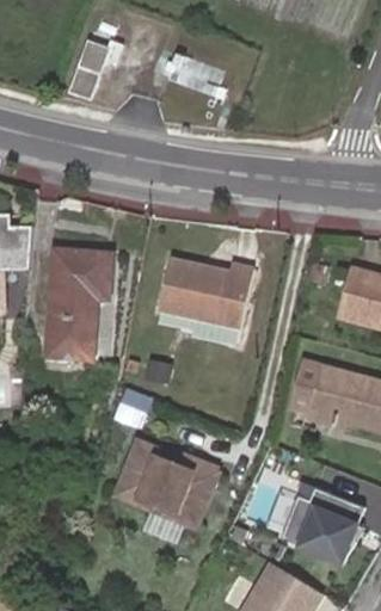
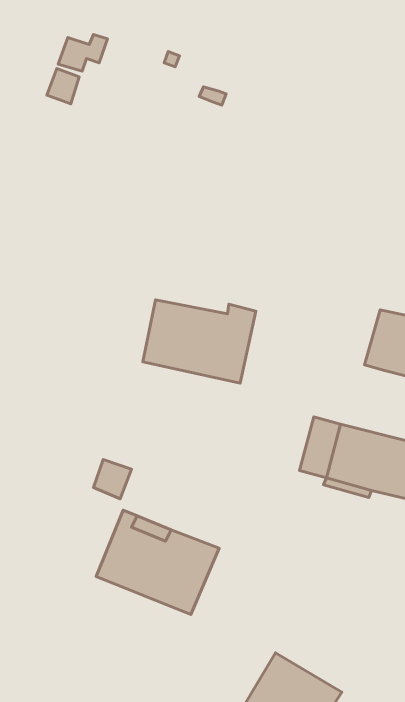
building: [48,249,111,358] -> none
building: [276,481,364,566] -> none

